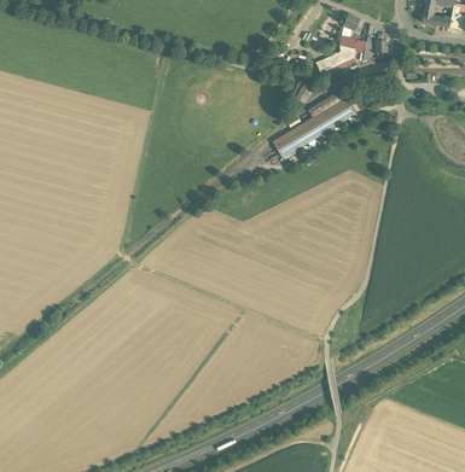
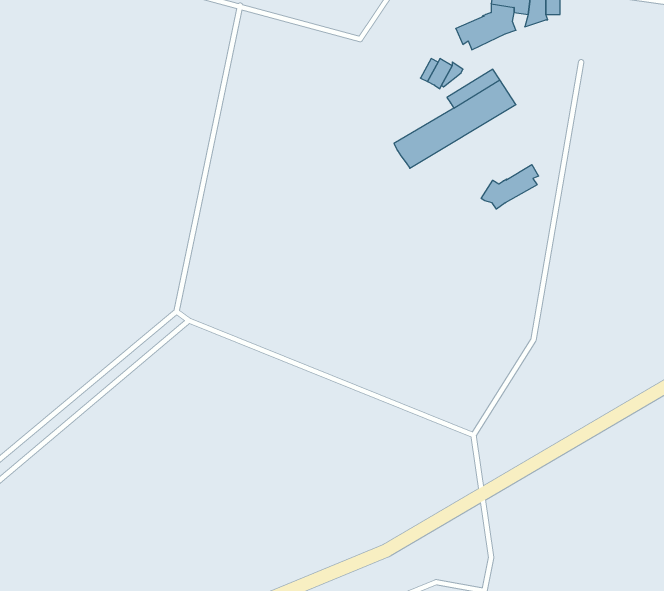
building: none -> [481,165,539,209]

